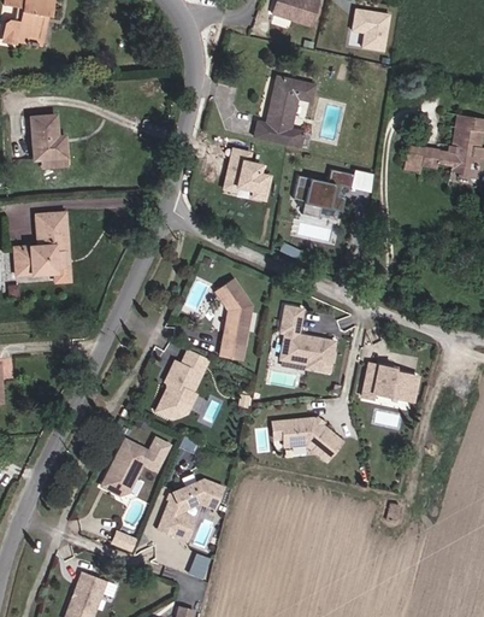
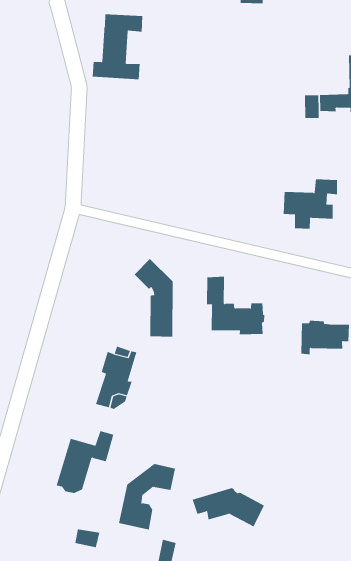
building: [254,76,314,146] -> [92,14,143,80]
building: [224,148,270,199] -> none
building: [294,168,353,216] -> [283,179,338,229]
building: [272,417,342,459] -> [192,487,265,527]

